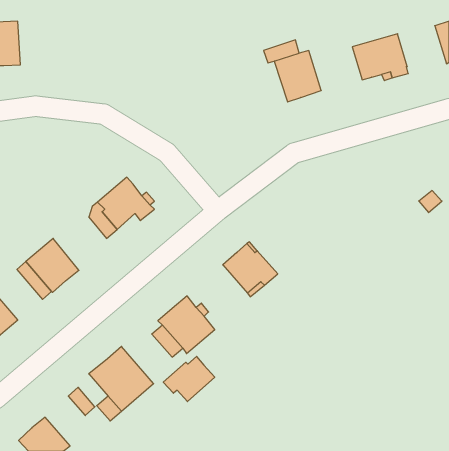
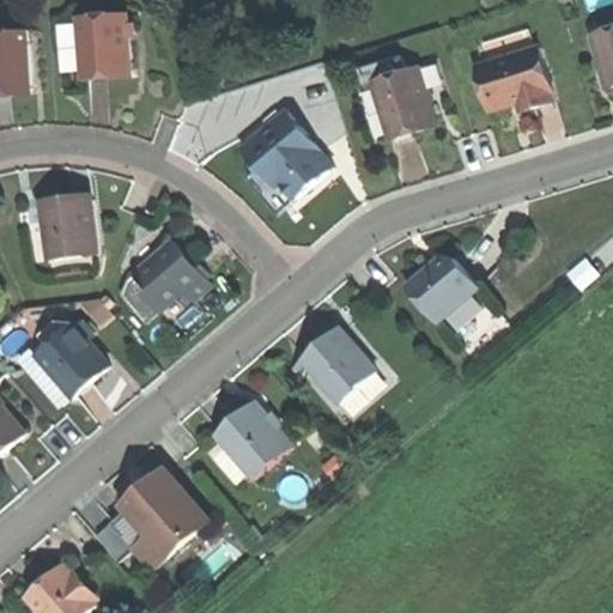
building: none -> [74,13,127,74]
building: none -> [239,109,332,198]
building: none -> [40,196,96,259]
building: none -> [403,256,475,321]
building: [163,356,215,402] -> none

